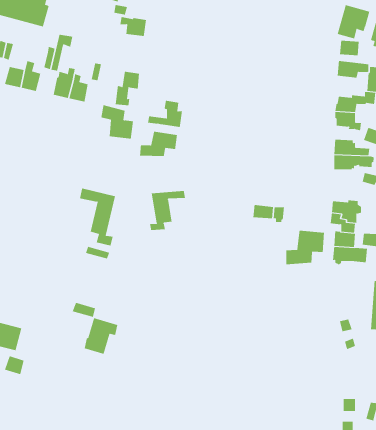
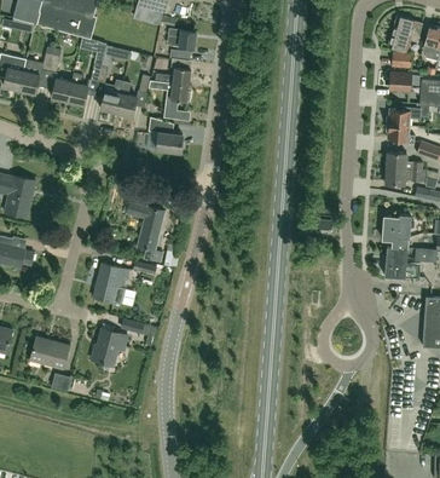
building: [147,100,183,128] -> [155,58,191,86]
building: [140,131,178,157] -> none
building: [149,190,185,231] -> none
building: [286,230,324,265] -> none
building: none -> [93,263,129,304]
building: [84,318,118,354] -> [92,328,127,365]

